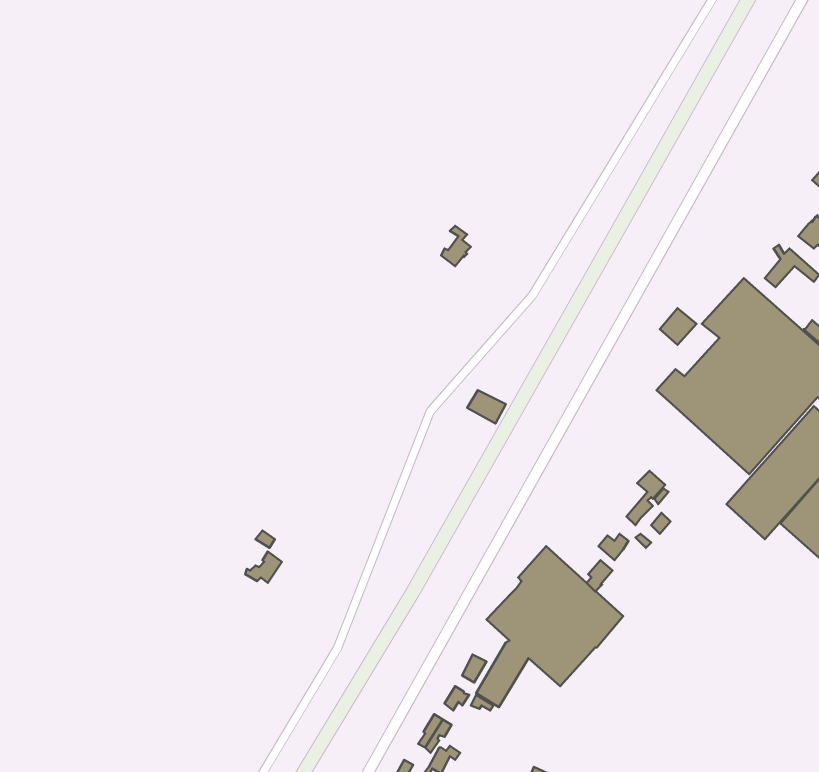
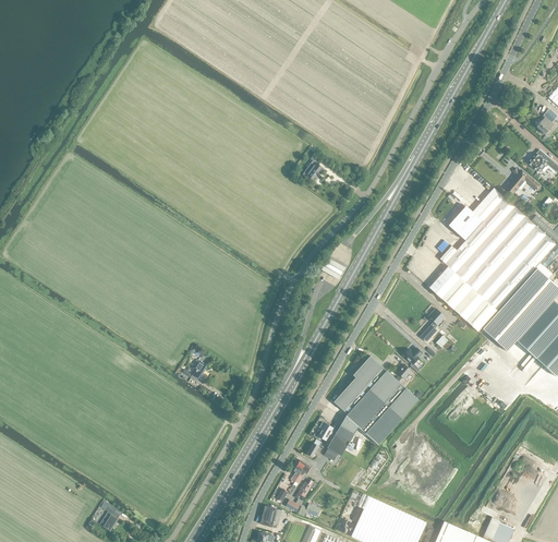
building: none -> [429,267,496,332]

